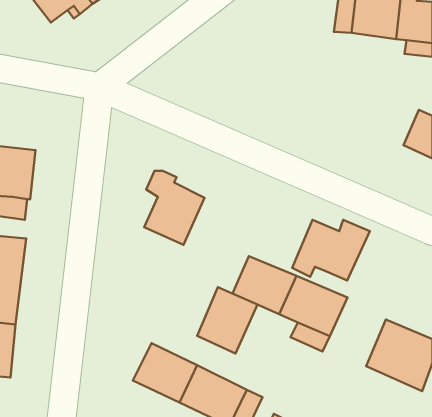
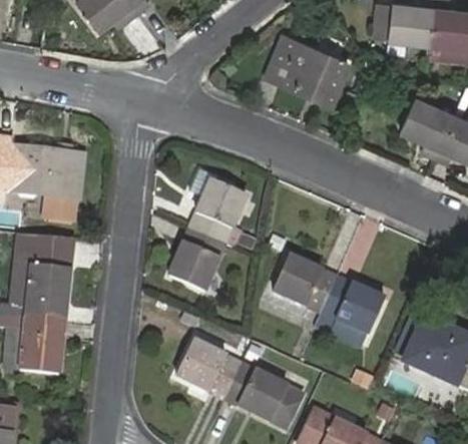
building: none -> [267,37,348,105]
building: none -> [401,97,454,148]
building: [292,220,370,280] -> none
building: [197,287,257,353] -> [168,228,226,292]

